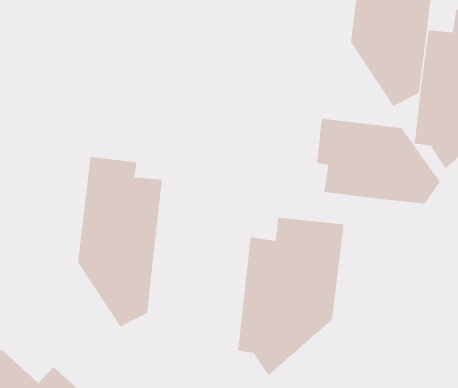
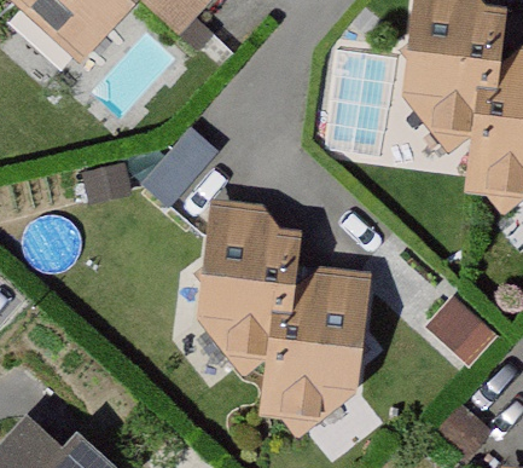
building: [316,118,441,204] -> none
building: [77,156,163,327] -> [205,198,295,377]

